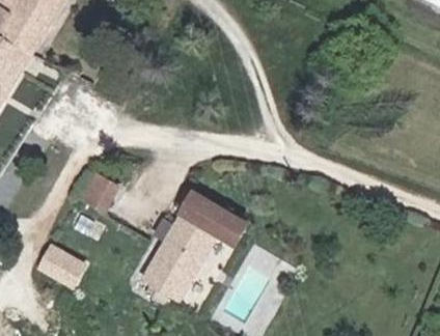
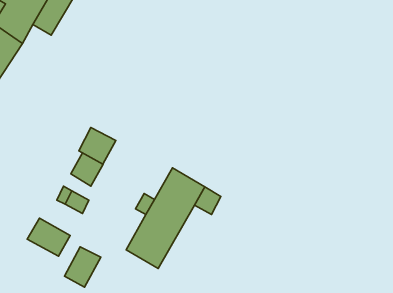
building: none -> [79,128,116,164]
building: none -> [65,247,101,287]

